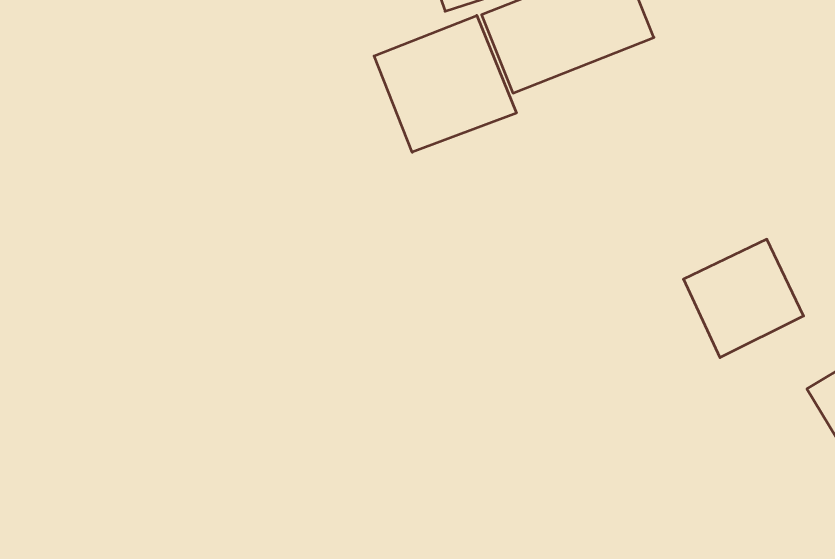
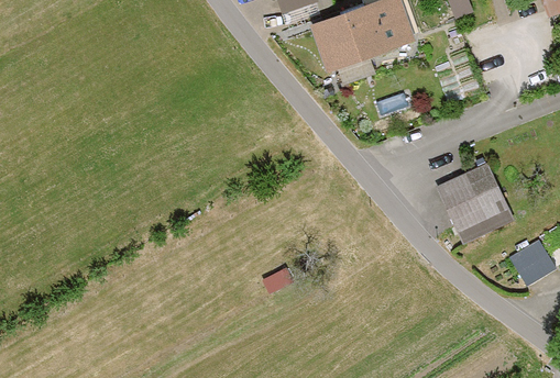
building: [374,15,516,152] -> none

